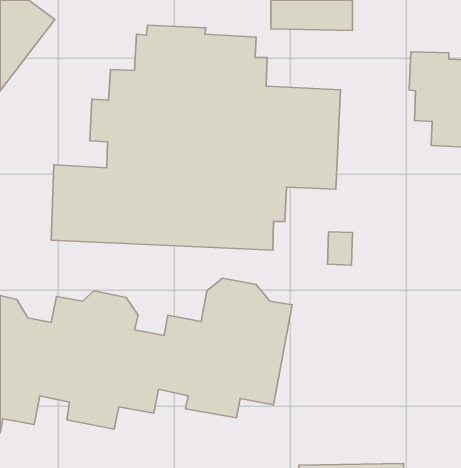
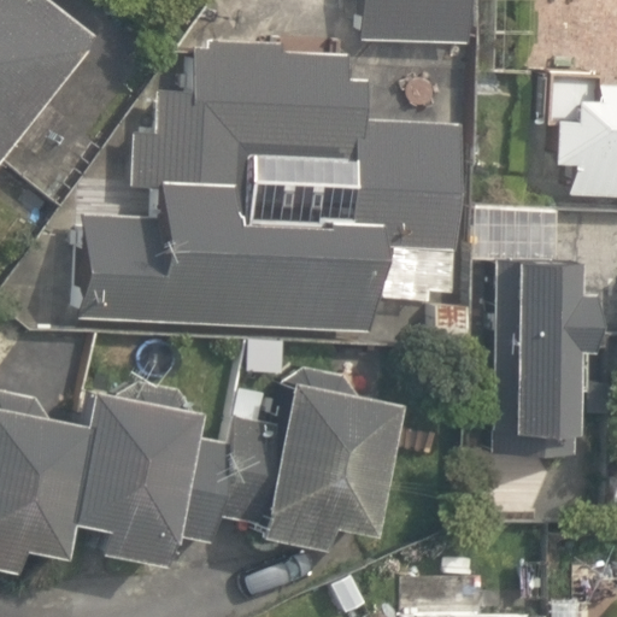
building: none -> [481,207,592,457]

